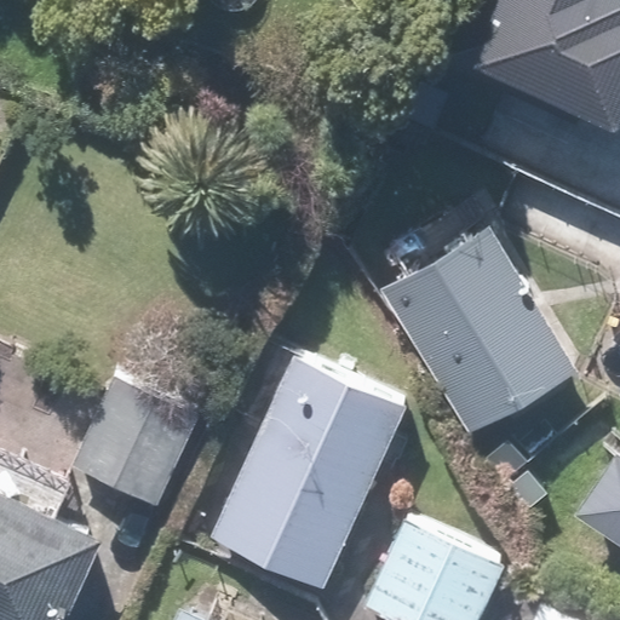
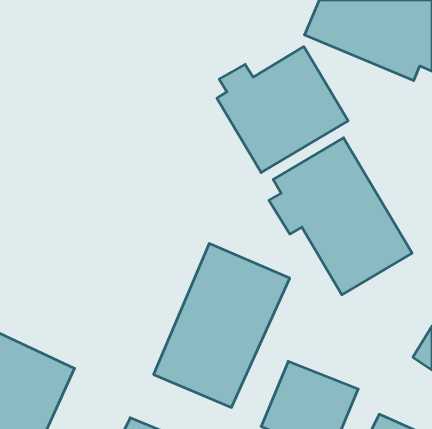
building: none -> [217,47,348,173]
building: [63,369,205,516] -> none

